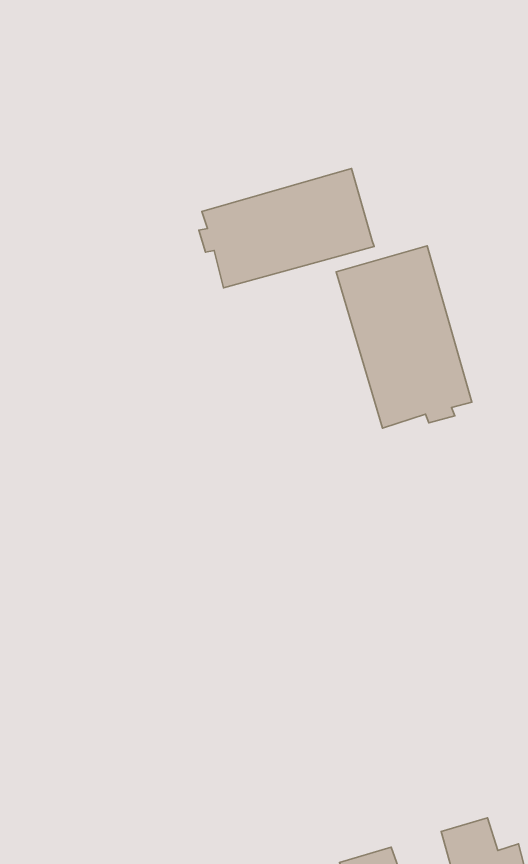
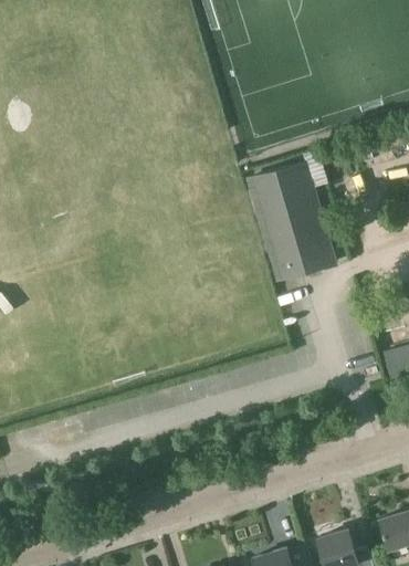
building: [199,169,374,288] -> none

